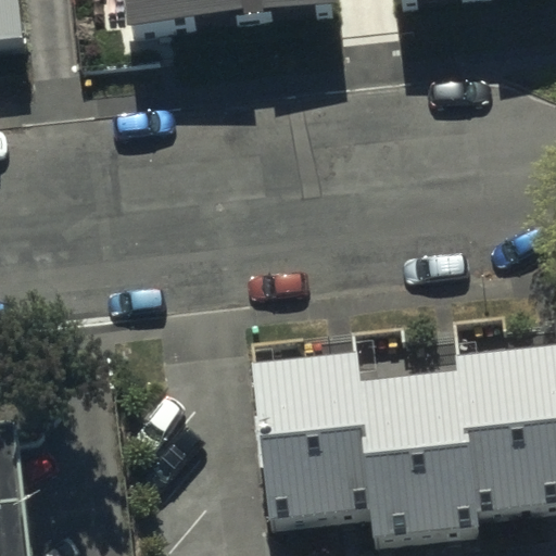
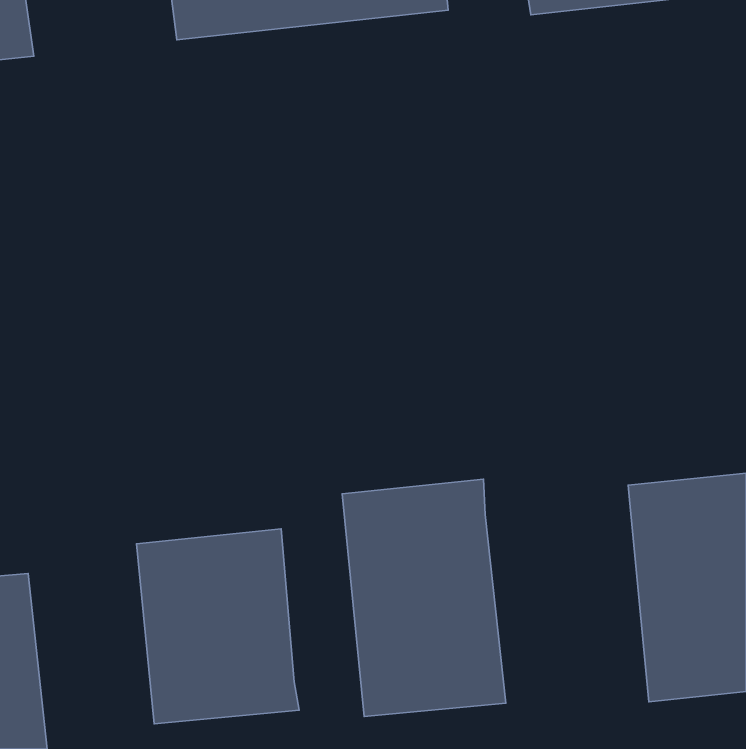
building: [357,368,481,545] -> none
building: none -> [136,529,299,724]

